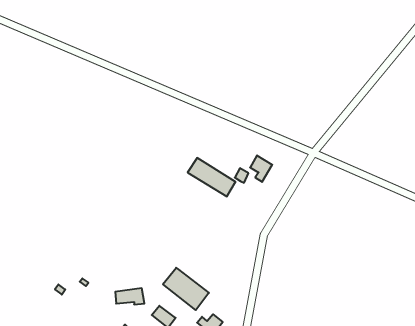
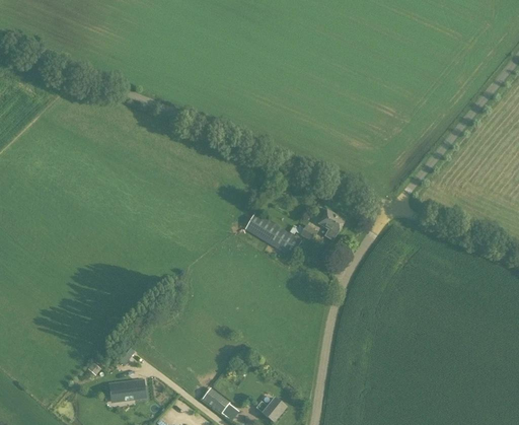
building: [163,268,209,310] -> none
building: [115,288,144,304] -> [110,379,145,399]

